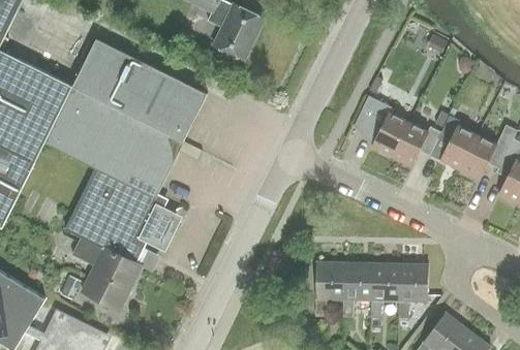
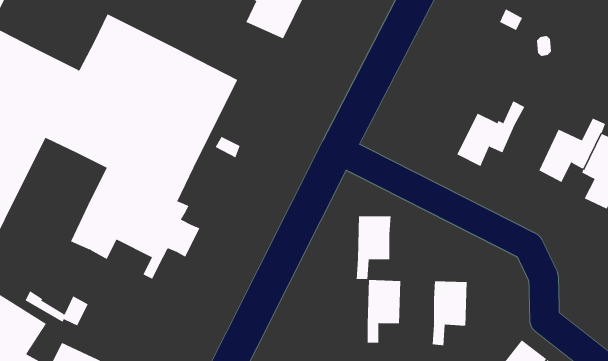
building: [354,96,408,156] -> none
building: [430,115,477,169] -> none
building: [72,228,142,310] -> none
building: [342,262,372,316] -> [356,216,391,280]
building: [398,263,428,317] -> none

